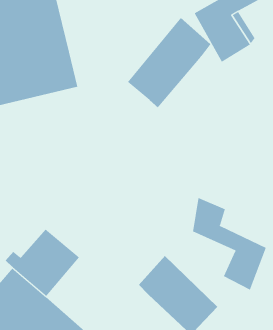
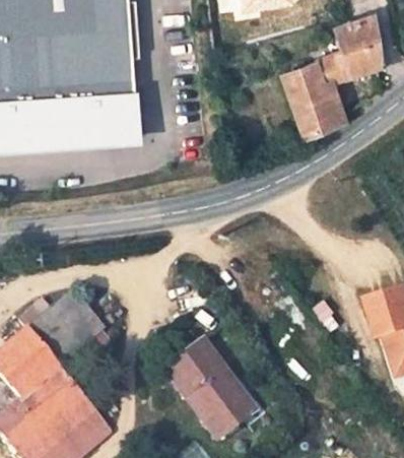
building: [127,17,211,108] -> none
building: [192,197,267,291] -> none

